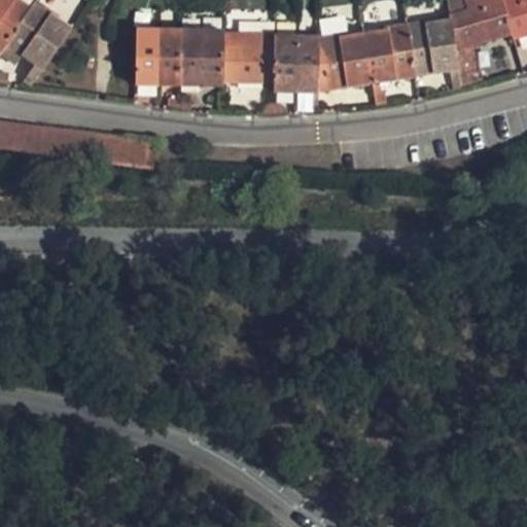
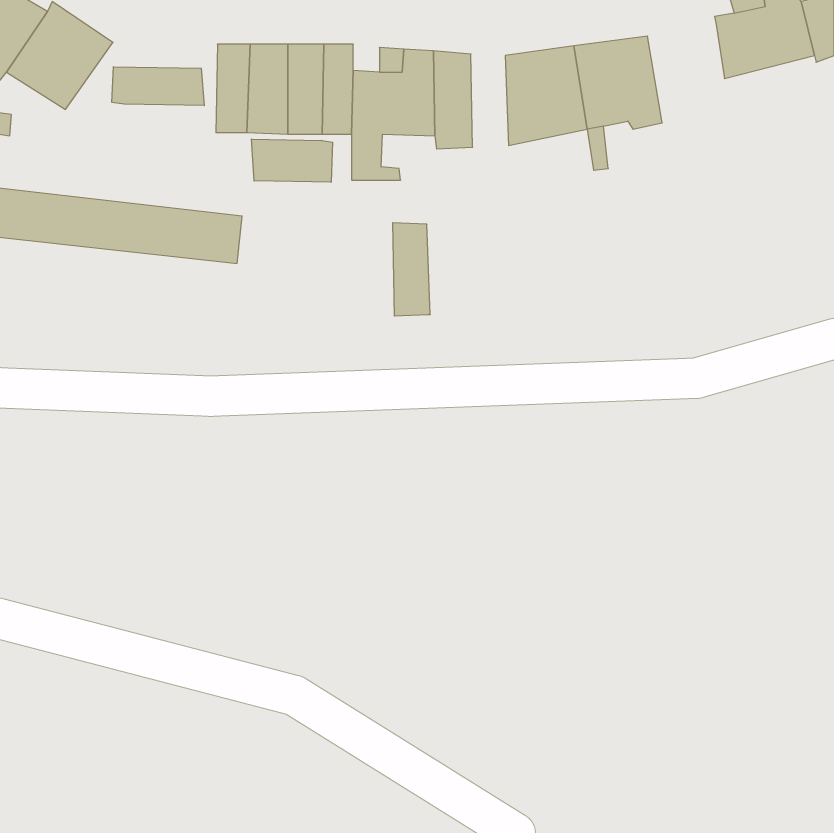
building: [408,15,461,96] -> none
building: [296,34,320,93] -> [393,223,430,316]
building: none -> [112,67,204,106]
building: none -> [252,139,333,182]

